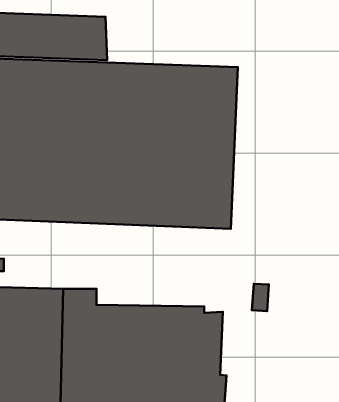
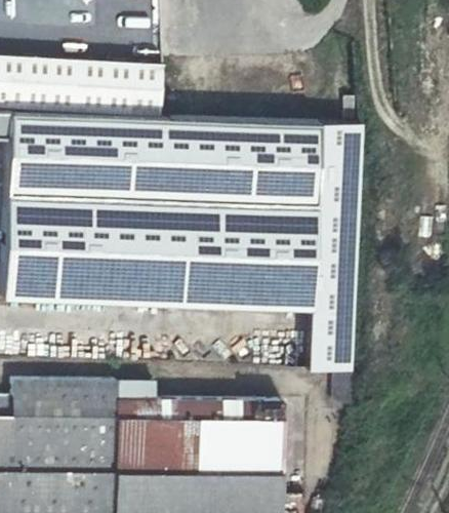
building: none -> [307,122,362,369]

